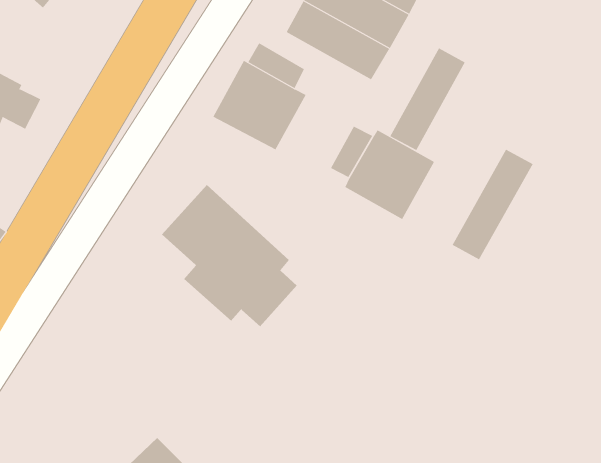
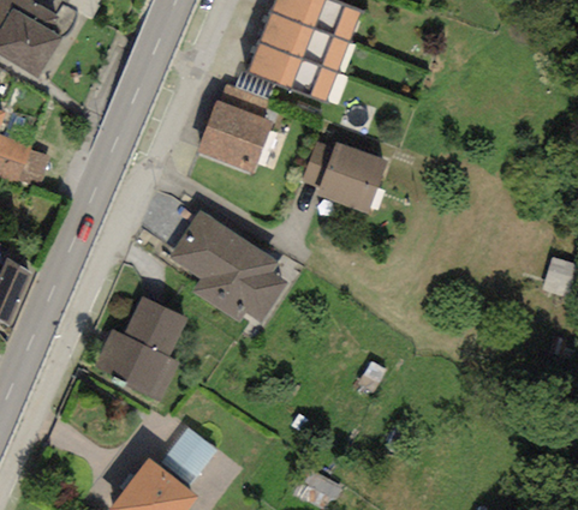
building: [390,48,466,151] -> none
building: [452,149,534,260] -> none
building: none -> [93,296,186,398]

